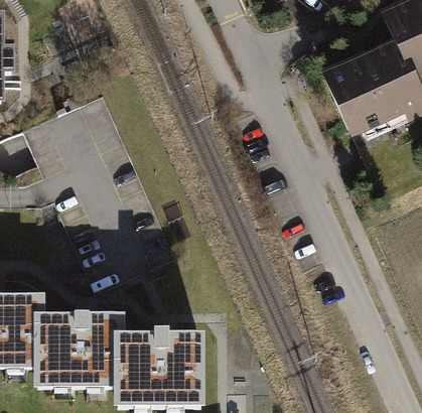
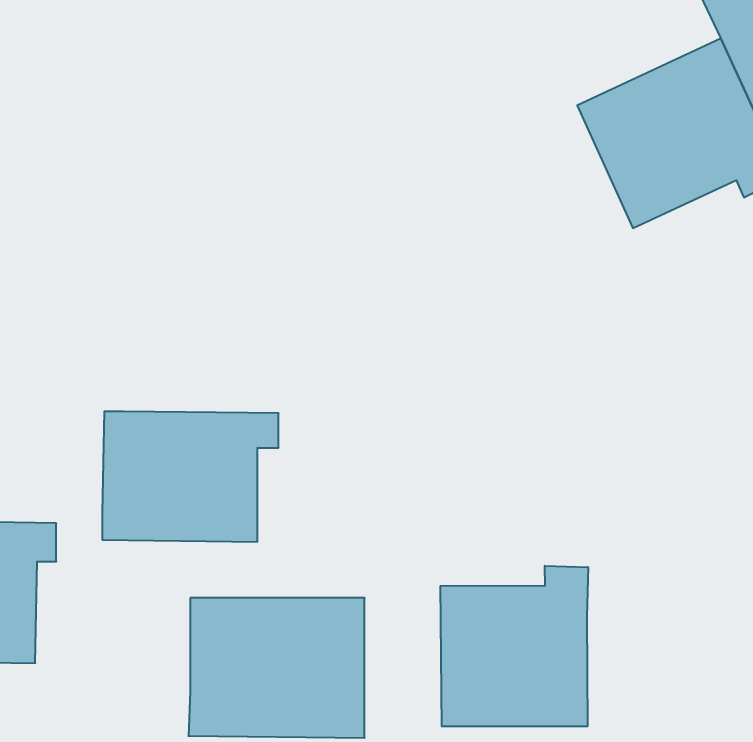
building: [33,313,126,382] -> [102,411,279,542]
building: none -> [440,566,588,726]

